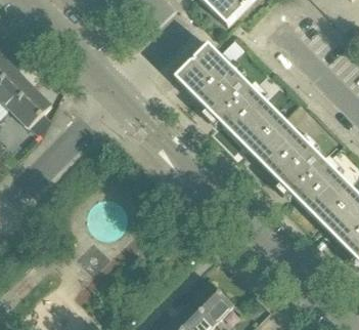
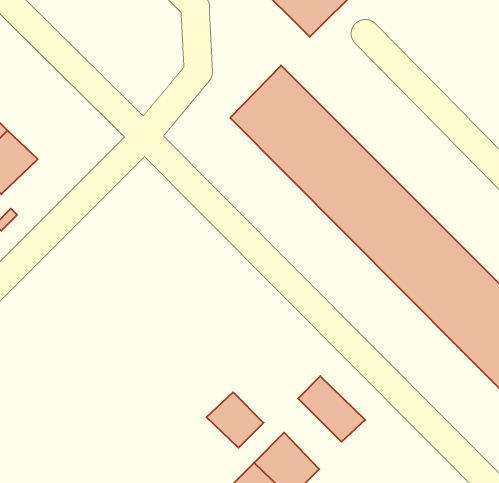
building: none -> [298,376,365,442]
building: none -> [207,392,264,448]

